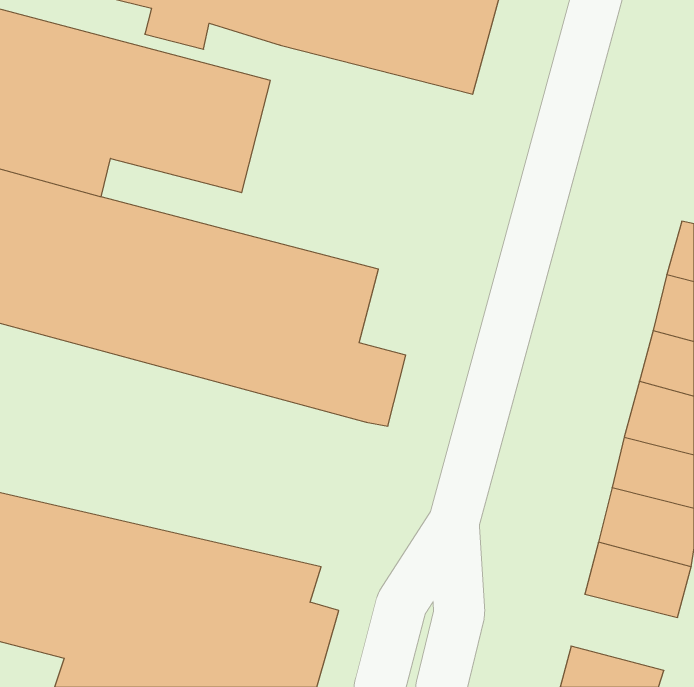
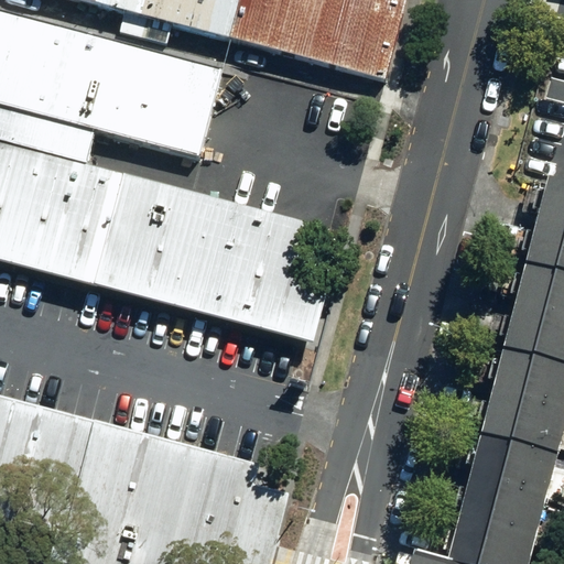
building: none -> [460,479,546,541]

